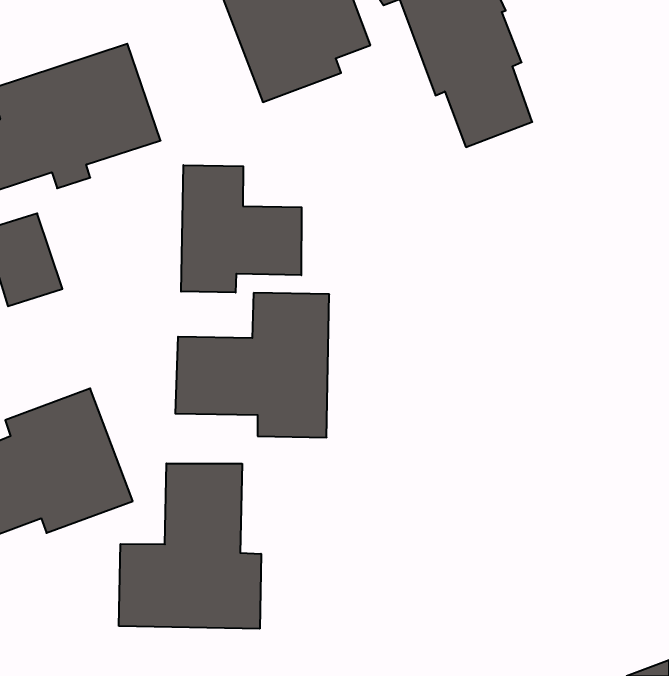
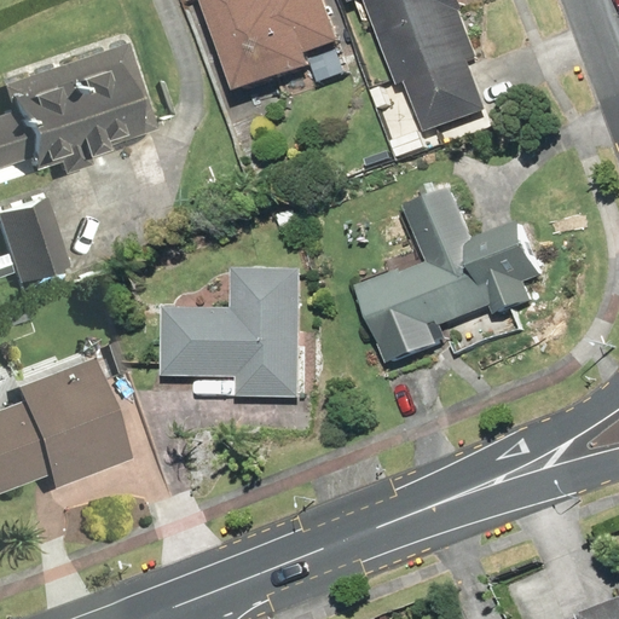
building: [181,165,302,293] -> none
building: none -> [354,189,539,364]
building: [119,463,261,629] -> none

